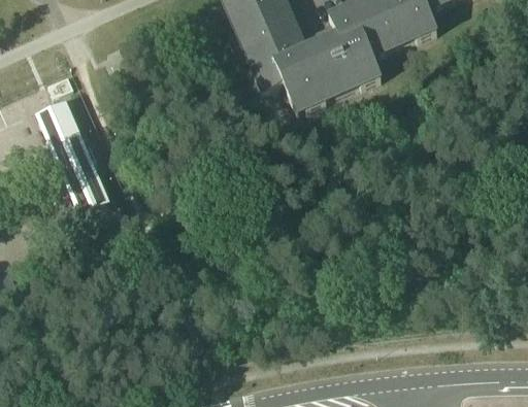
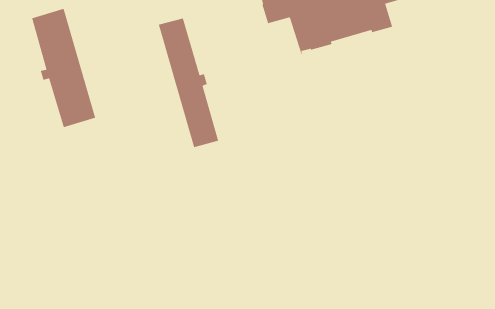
building: none -> [158,17,219,148]

